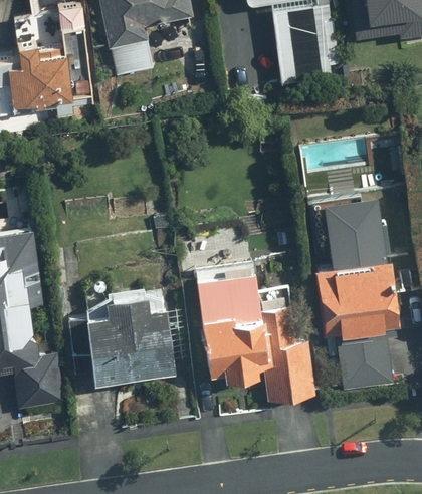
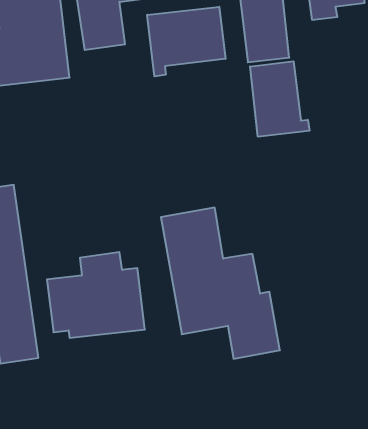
building: none -> [147,7,225,76]
building: none -> [250,61,309,137]
building: [312,194,402,391] -> none

